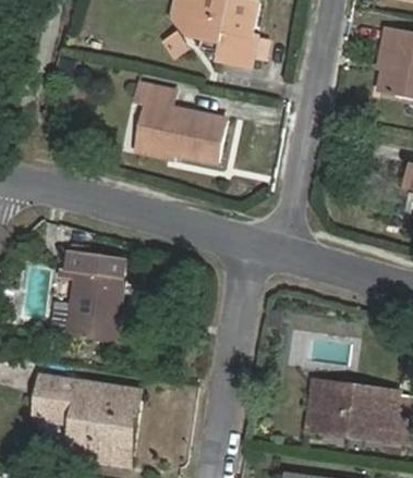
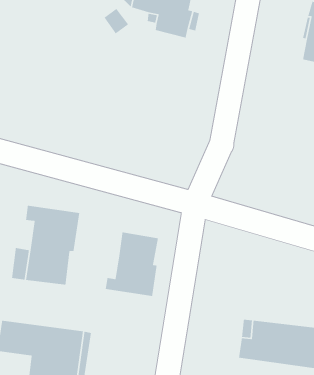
building: [135,81,232,159] -> none
building: none -> [105,231,159,297]

